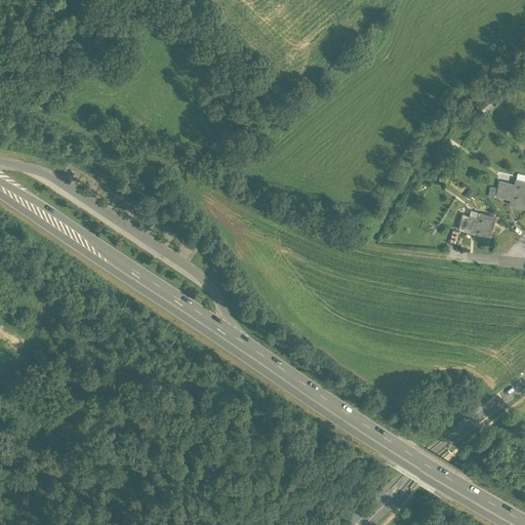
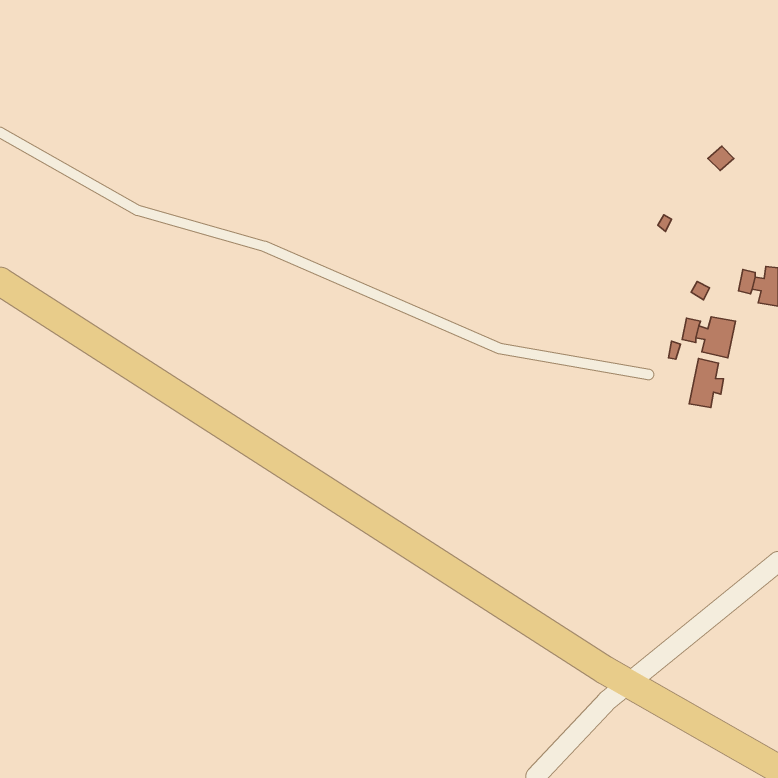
building: none -> [689,358,724,408]

